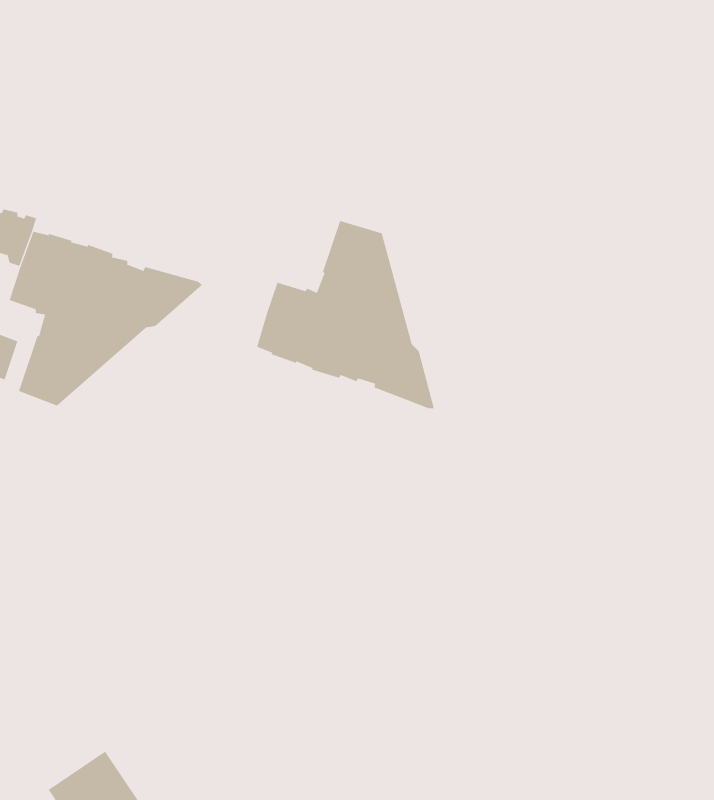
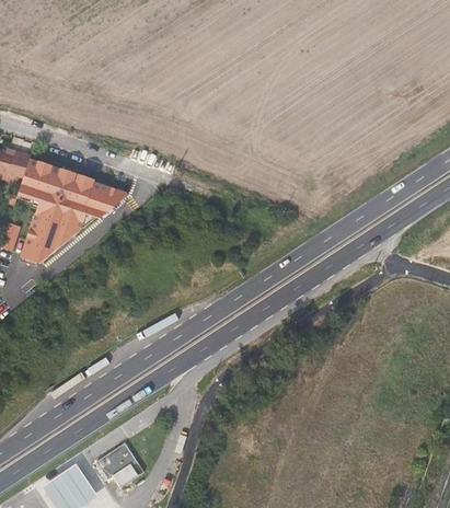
building: [257,220,435,409] -> none
building: none -> [94,446,141,489]

